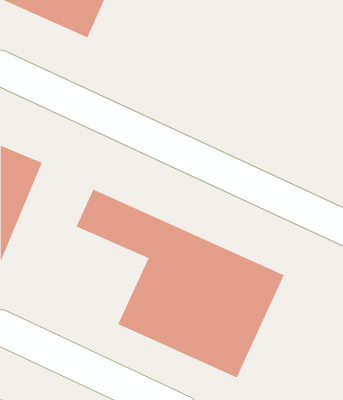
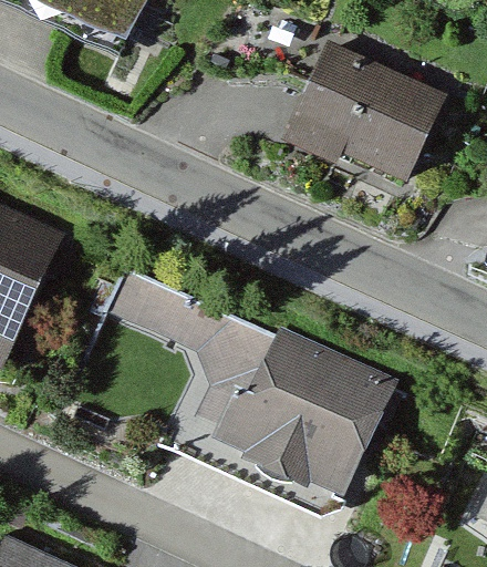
building: none -> [277,38,445,186]

